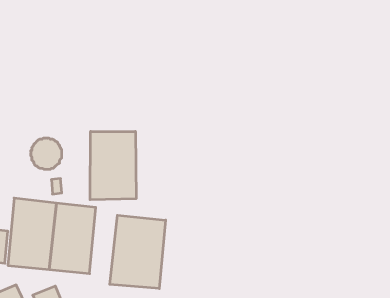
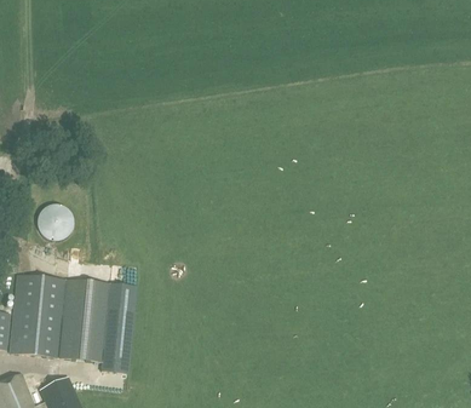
building: [90,131,136,200] -> none
building: [110,215,166,289] -> none

